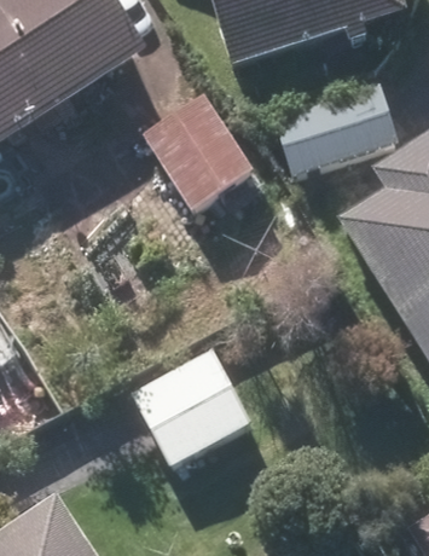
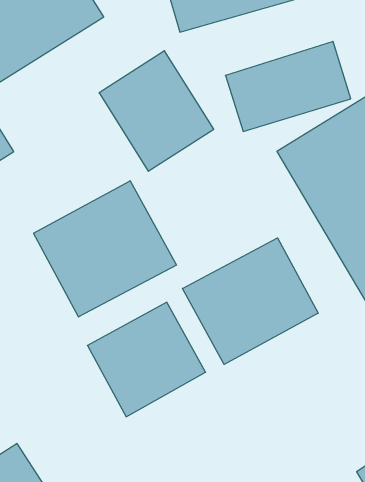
building: none -> [34,181,176,317]
building: none -> [182,238,318,364]

